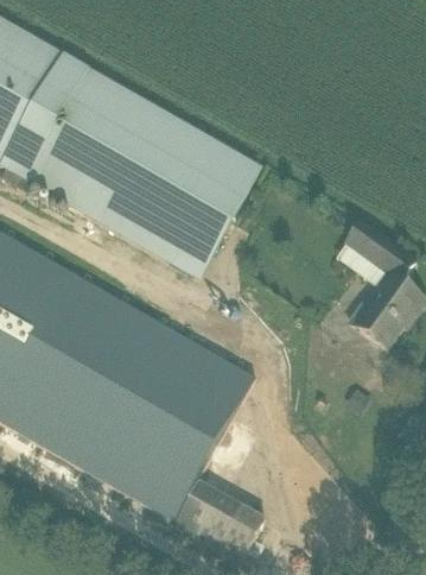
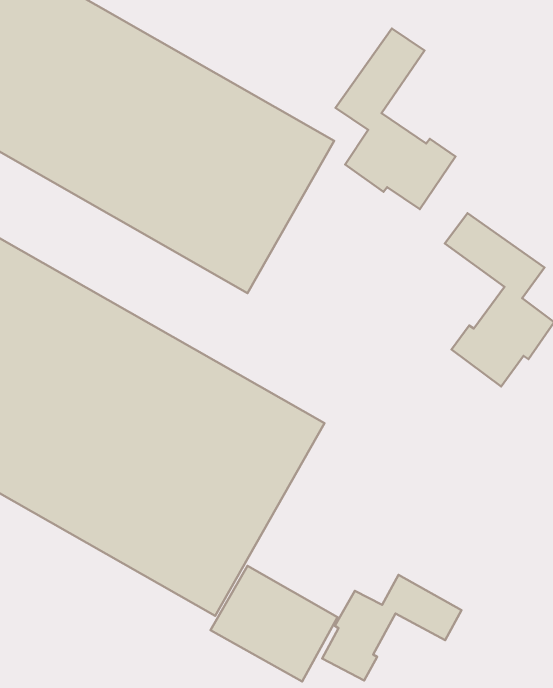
building: none -> [336,28,456,209]
building: none -> [322,575,461,680]

